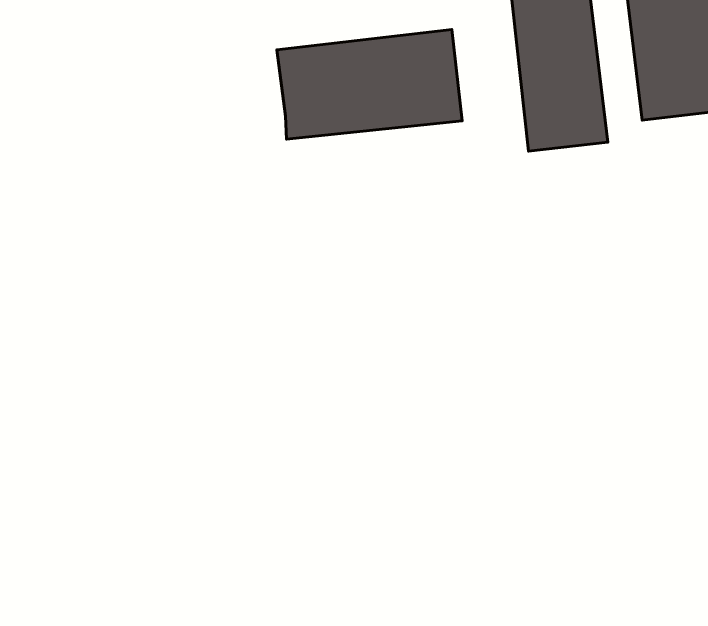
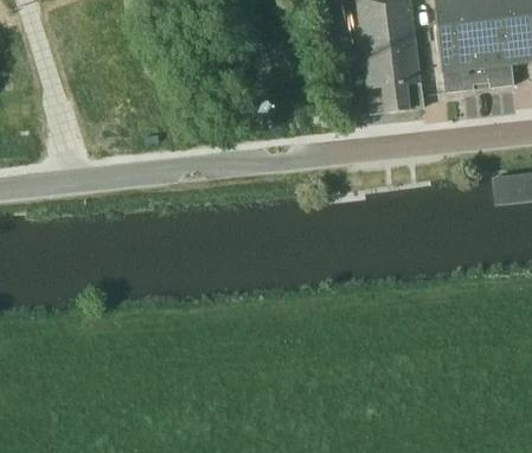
building: [277,29,462,139] -> none

